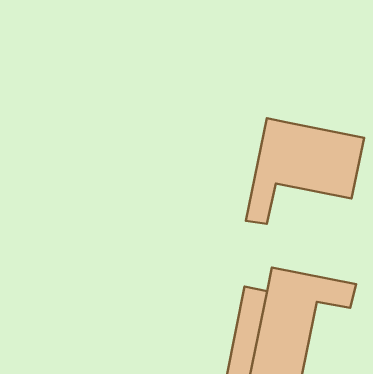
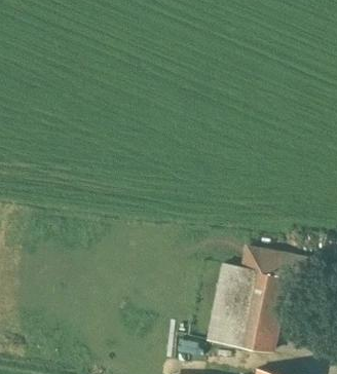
building: [246,118,364,224] -> none

